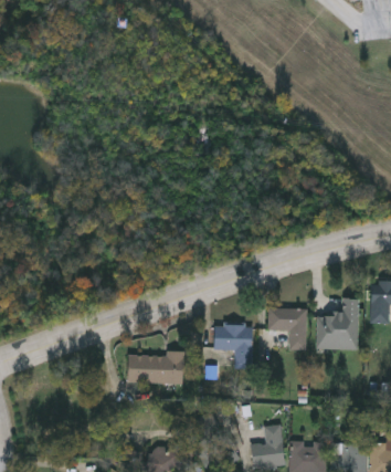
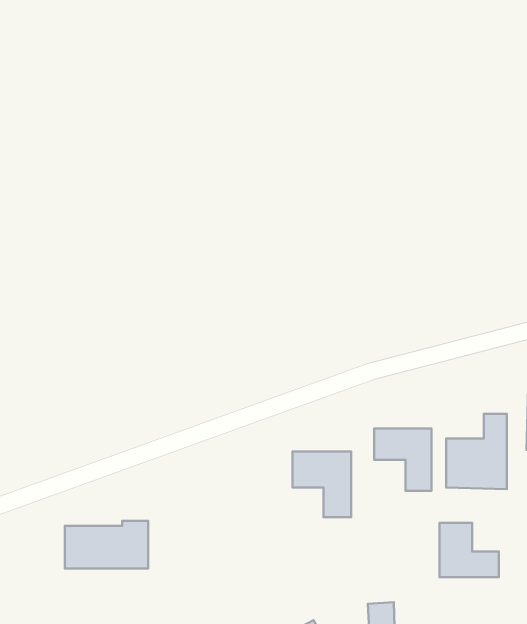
building: [126,352,182,384] -> [65,521,148,568]
building: none -> [440,523,499,577]

